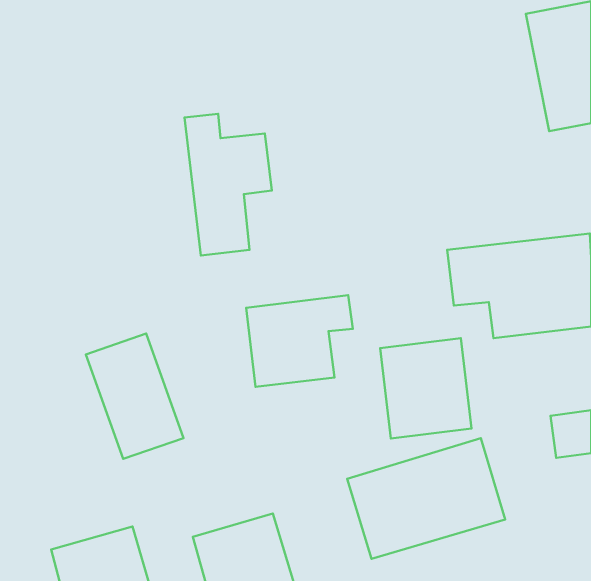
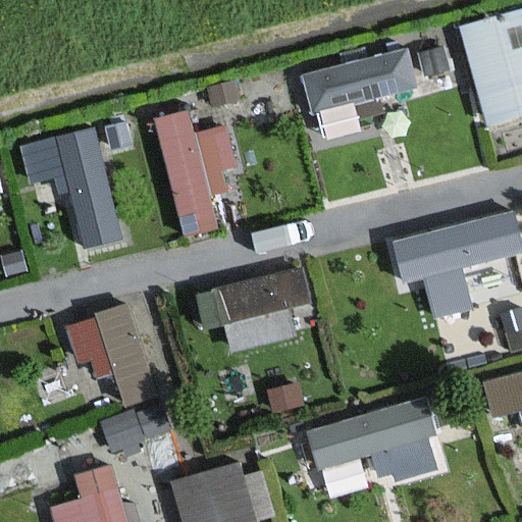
building: none -> [303,54,416,108]
building: none -> [24,129,123,253]
building: [380,338,471,439] -> none

